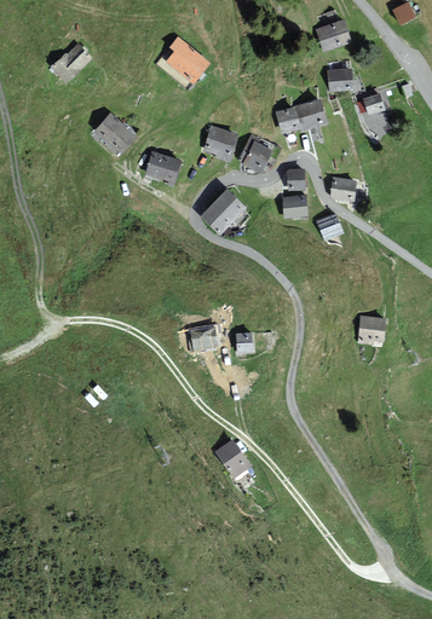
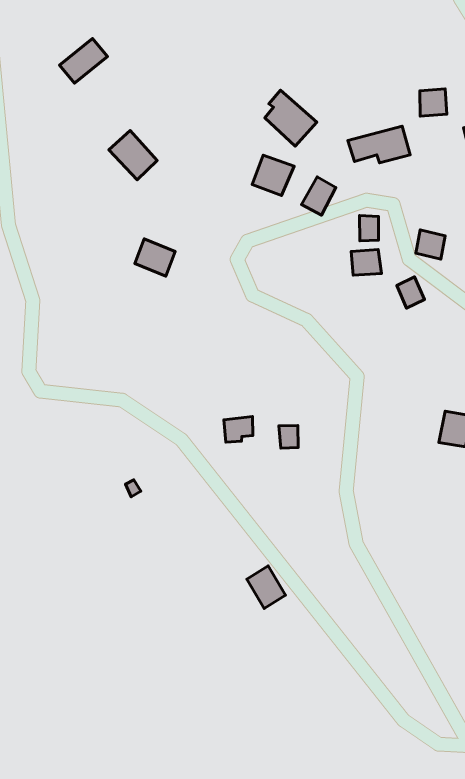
building: [316,21,347,50] -> none
building: [167,37,207,80] -> [265,90,317,146]
building: [148,152,178,180] -> [135,239,175,276]
building: [203,190,244,231] -> none

